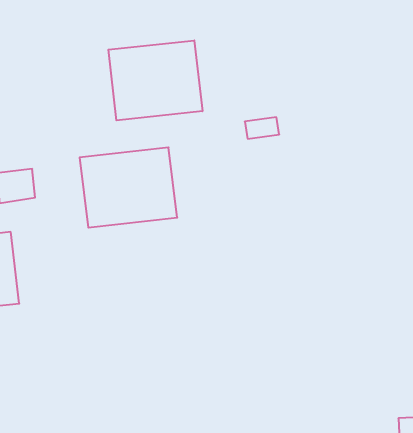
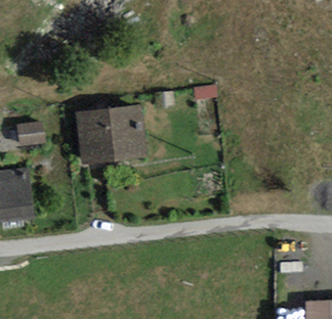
building: [108,40,202,120] -> none

